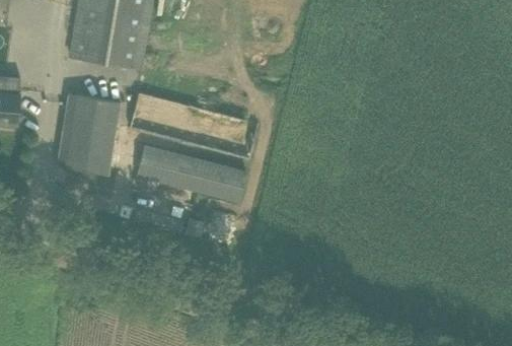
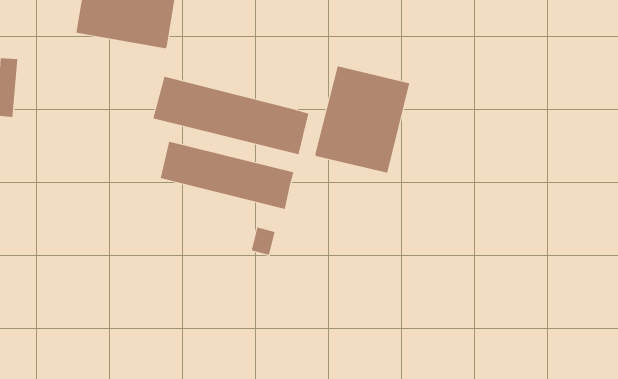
building: none -> [315,66,410,174]
building: [57,94,119,177] -> none

